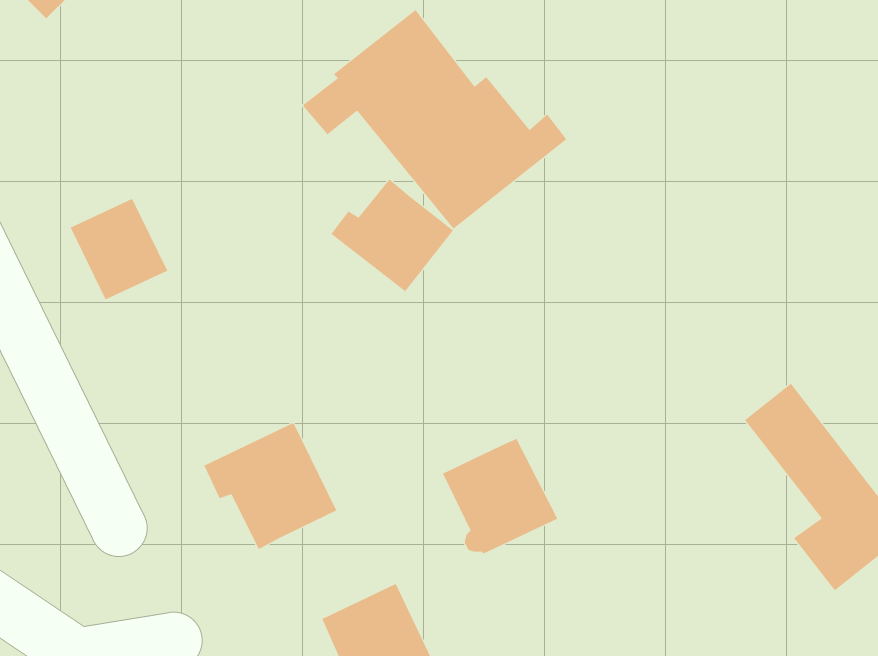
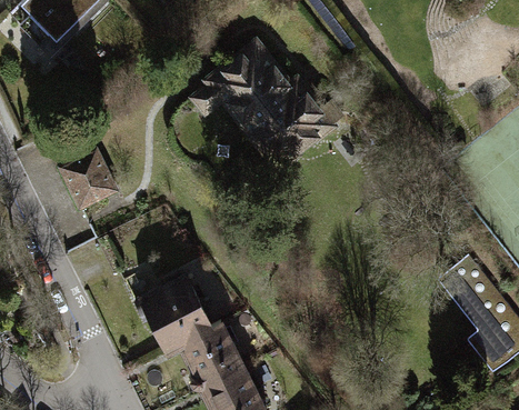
building: [331,178,454,292] -> none
building: [442,438,558,554] -> [179,322,244,388]

